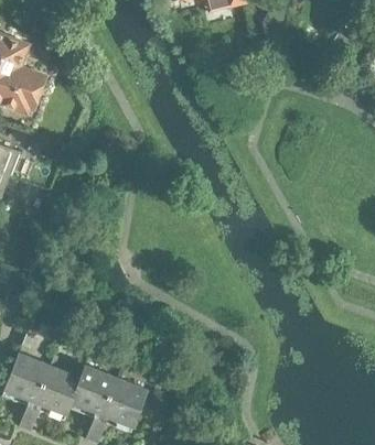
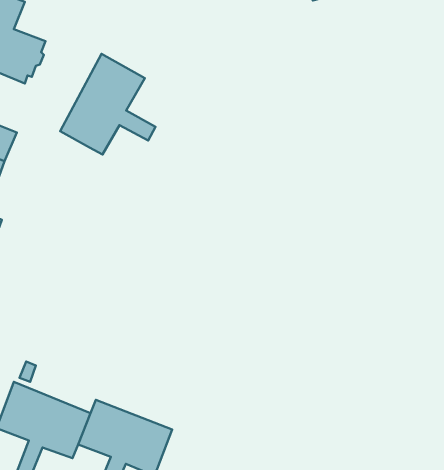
building: none -> [60,54,156,155]

